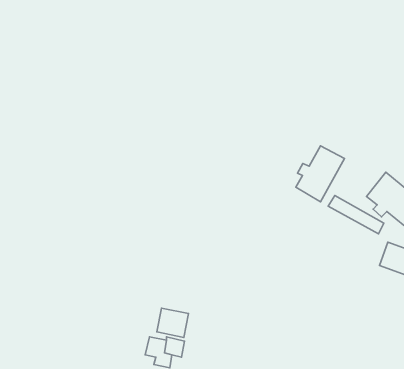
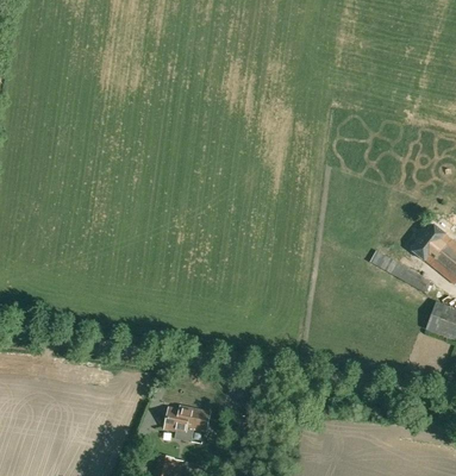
building: [296,146,344,202] -> none
building: [157,308,189,337] -> none

